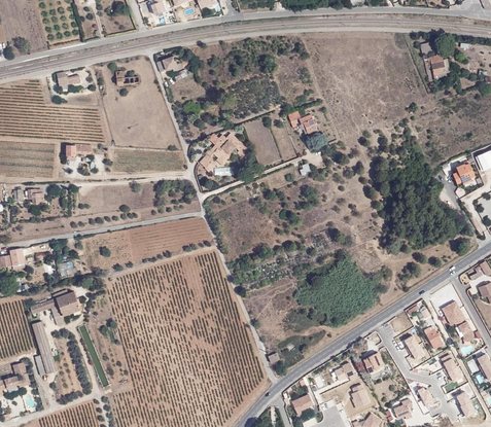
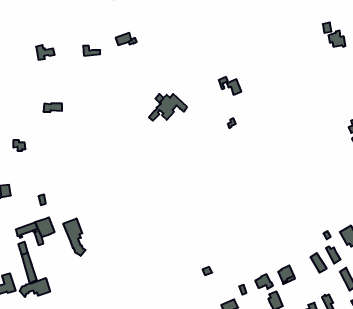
building: none -> [63,218,86,256]
building: none -> [20,278,50,297]

